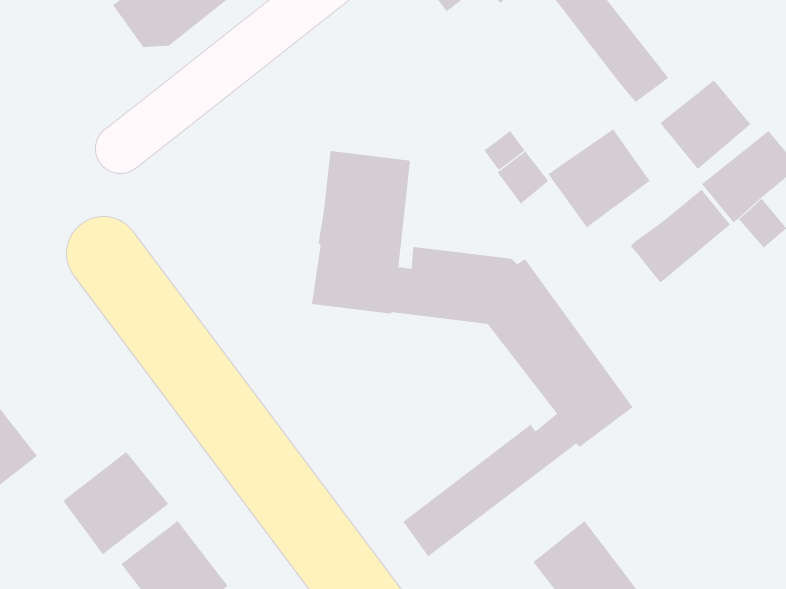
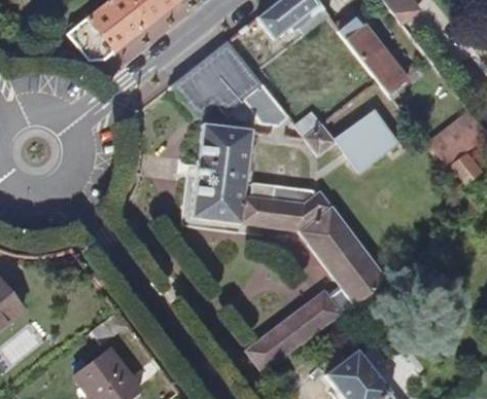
building: none -> [171,40,288,123]
building: [659,79,751,170] -> none
building: [630,189,731,283] -> none
building: [62,451,169,555] -> none

